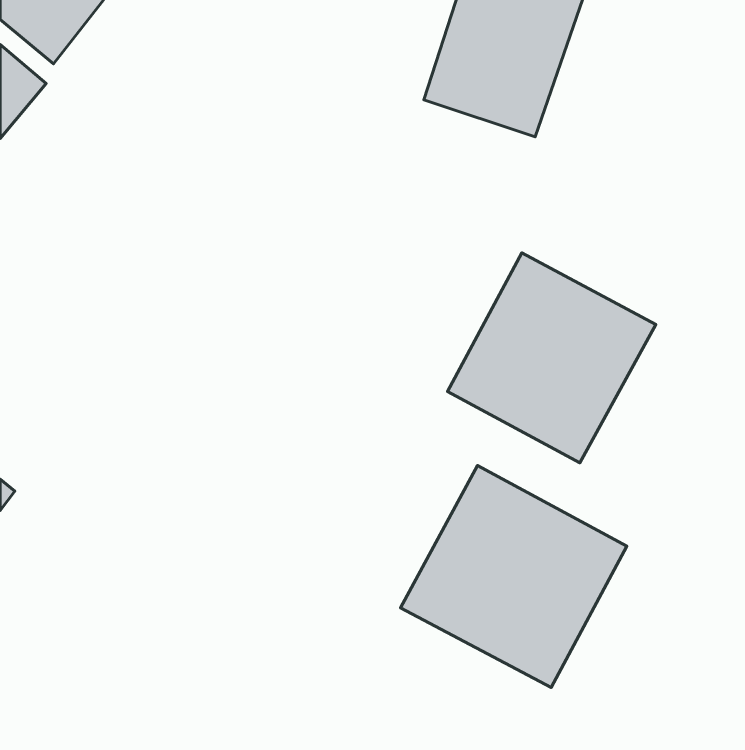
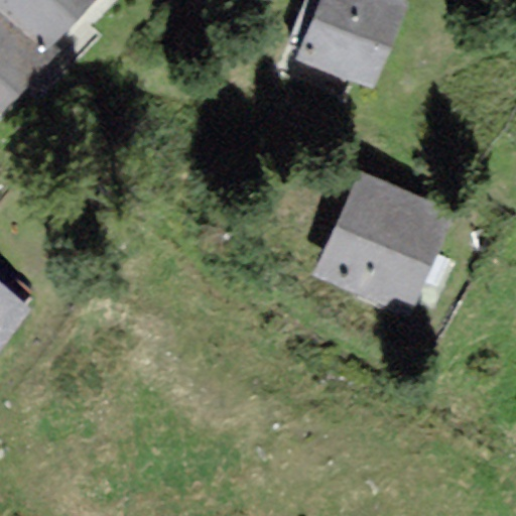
building: [400,466,627,688] -> none

